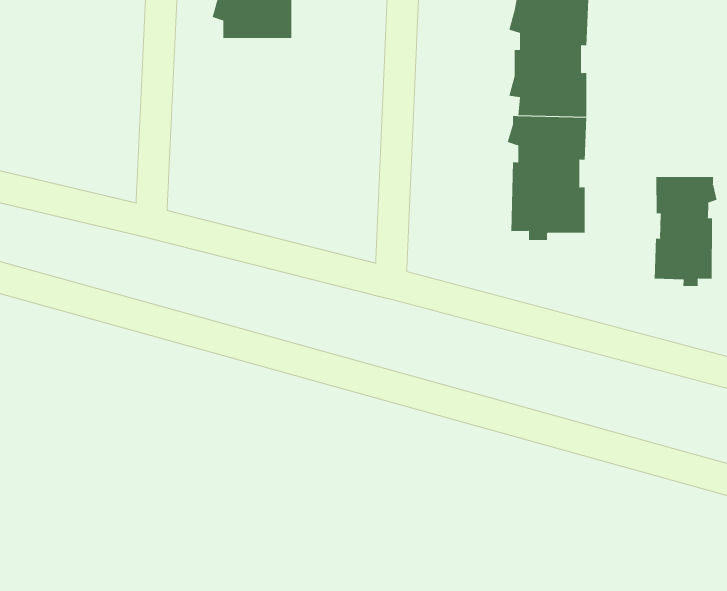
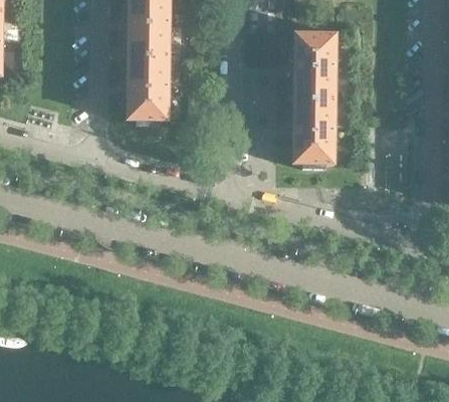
building: none -> [126,50,171,121]
building: [654,176,717,287] -> none

